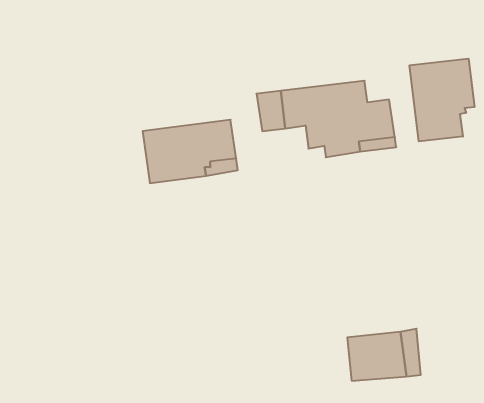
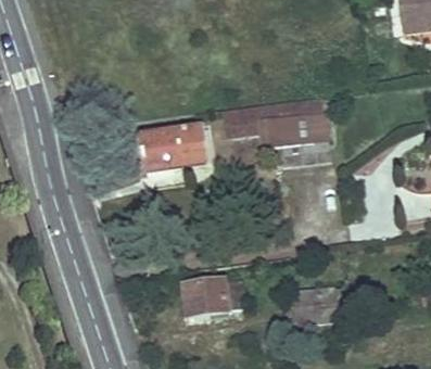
building: [410,59,474,141] -> none
building: none -> [181,277,242,316]

